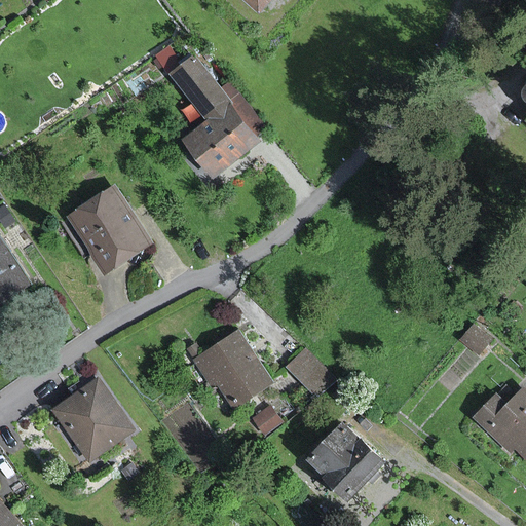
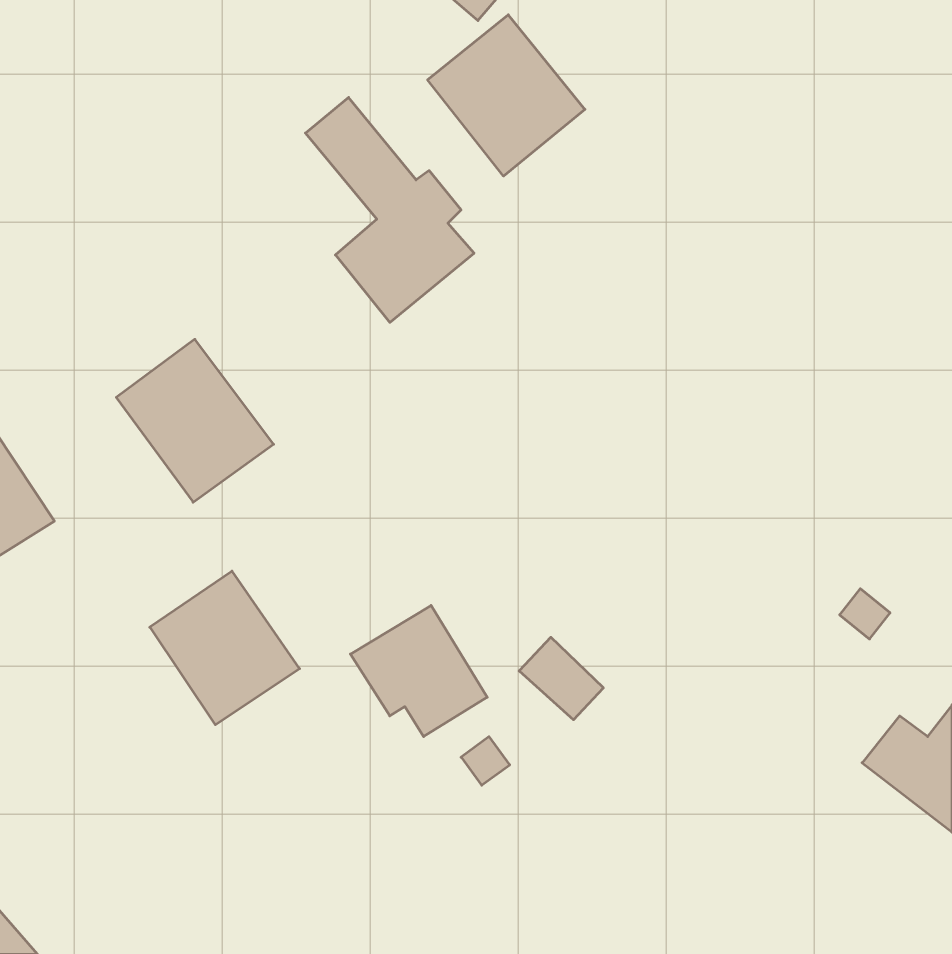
building: none -> [428,15,585,176]
building: [51,378,134,462] -> [150,571,300,725]
building: [309,421,386,496] -> none

